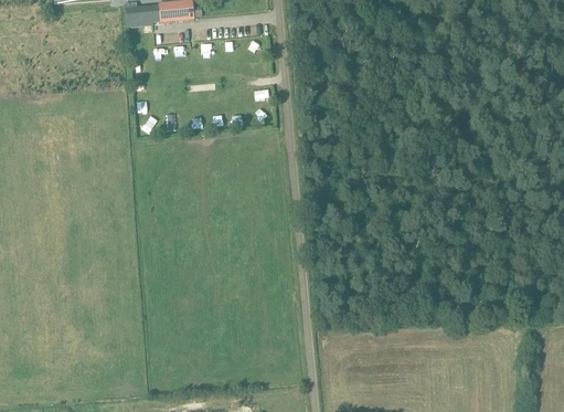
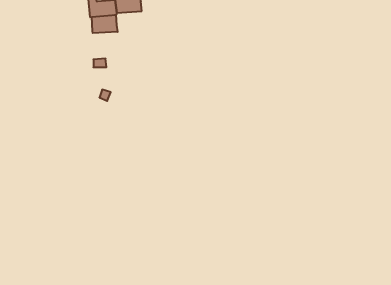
building: none -> [92,15,118,33]

